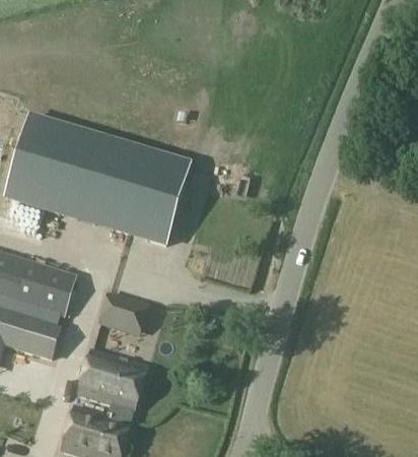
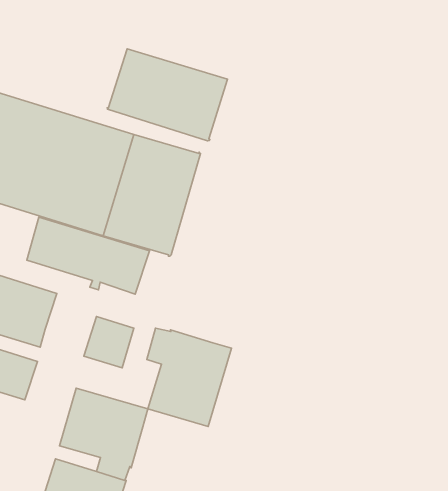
building: none -> [107,49,228,141]
building: none -> [27,217,149,294]
building: none -> [147,328,232,427]

